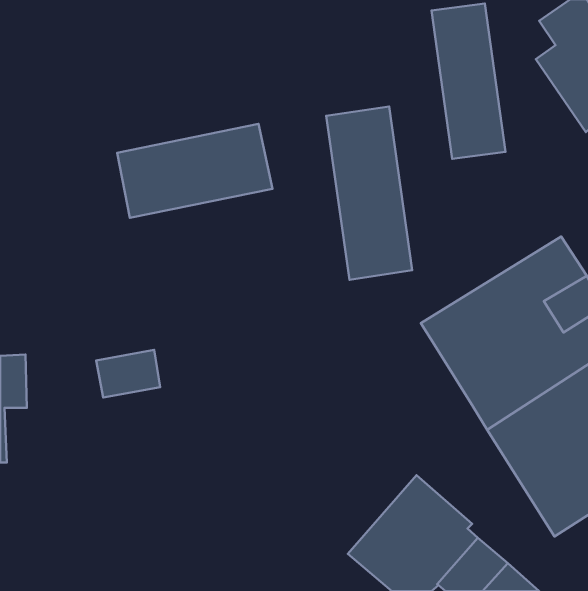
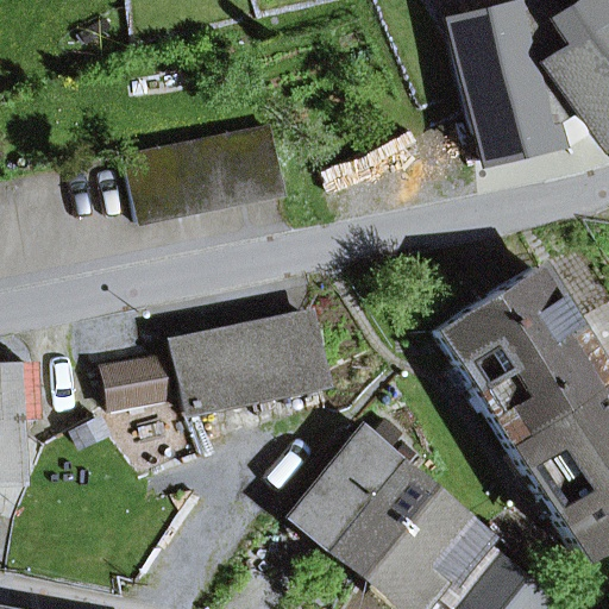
building: [326,106,412,280] -> none
building: none -> [171,315,324,412]
building: none -> [297,433,432,569]

